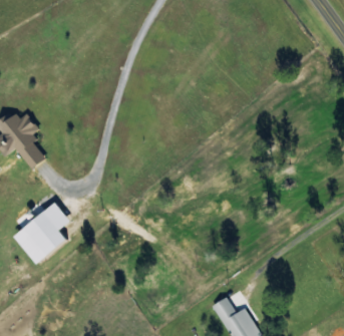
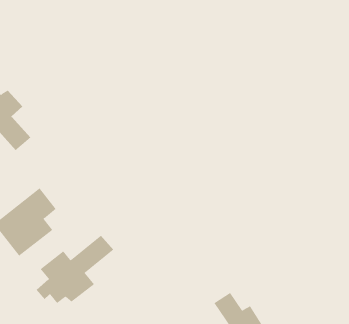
building: none -> [36,235,114,304]

